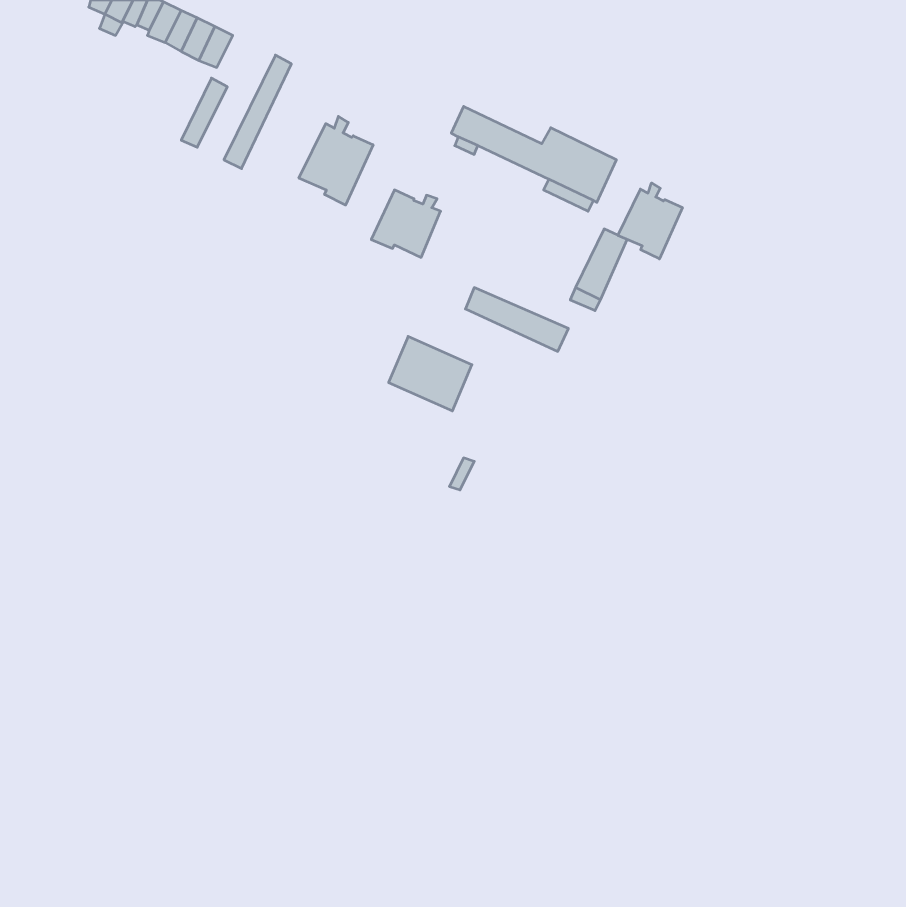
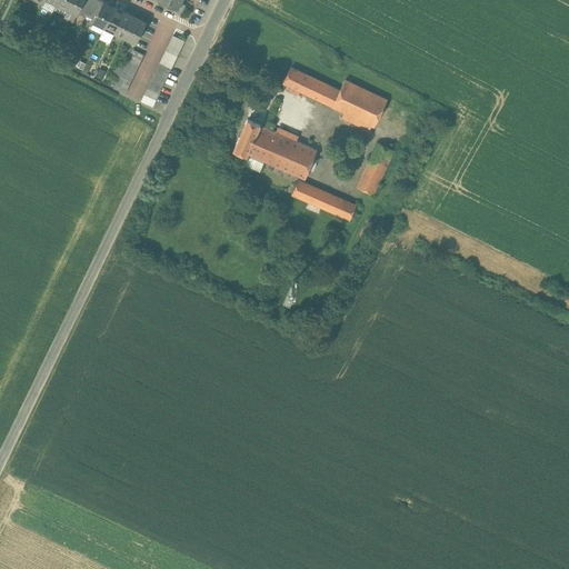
building: [299,116,373,205] -> none
building: [618,183,682,259] -> none
building: [389,336,472,411] -> [263,132,316,179]

